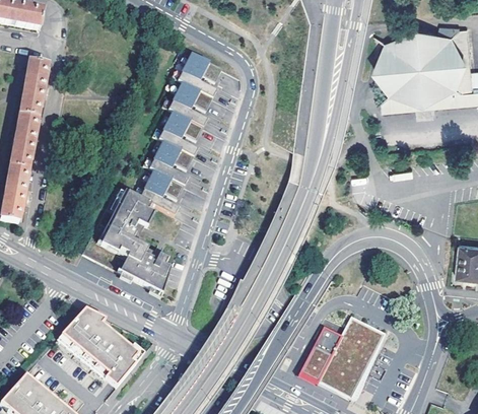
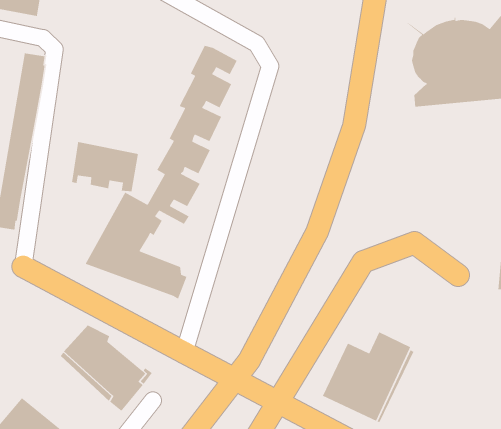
building: none -> [71,141,139,192]

